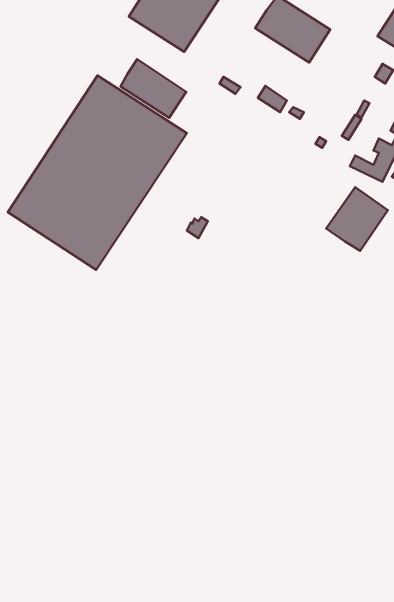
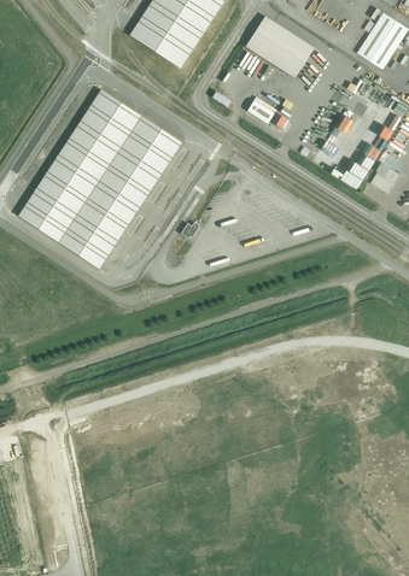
building: [121,59,186,118] -> none
building: [326,187,388,251] -> none

